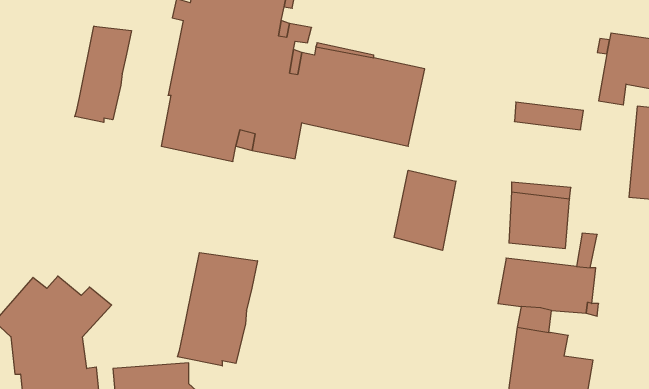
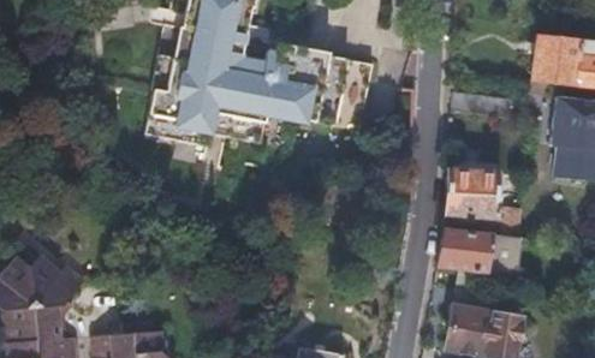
building: [75,26,131,122] -> none
building: [394,170,456,250] -> none
building: [177,253,257,366] -> none

